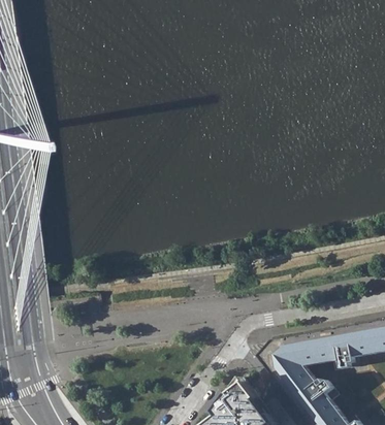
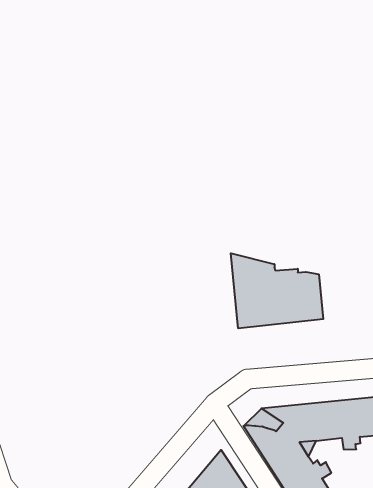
building: none -> [231,253,323,328]

